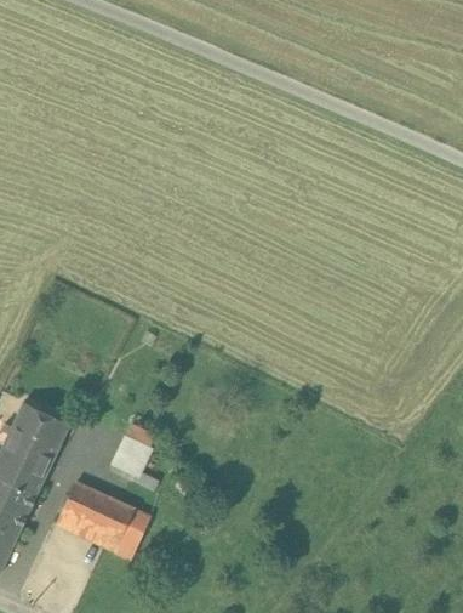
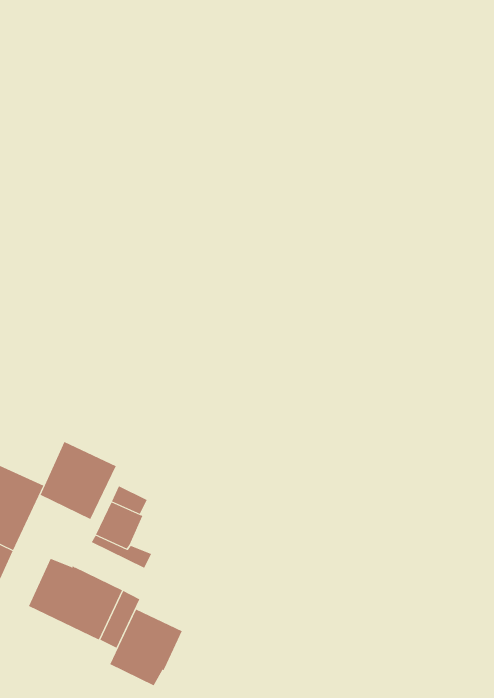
building: none -> [40,441,117,520]
building: none -> [109,609,182,686]

